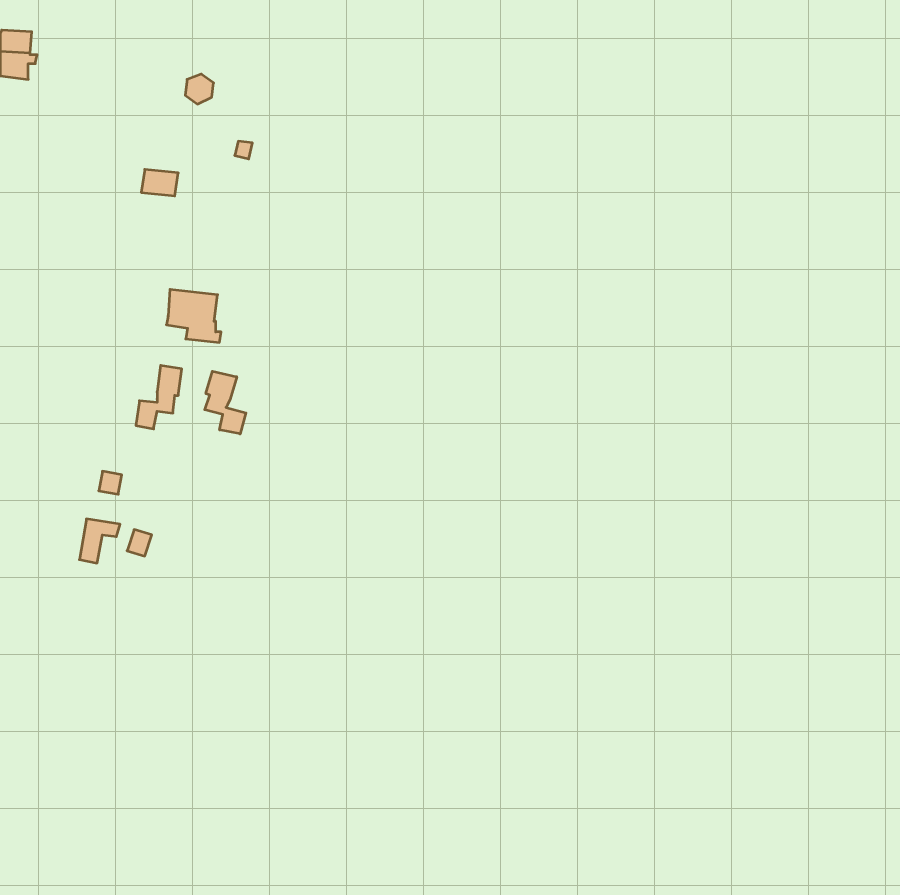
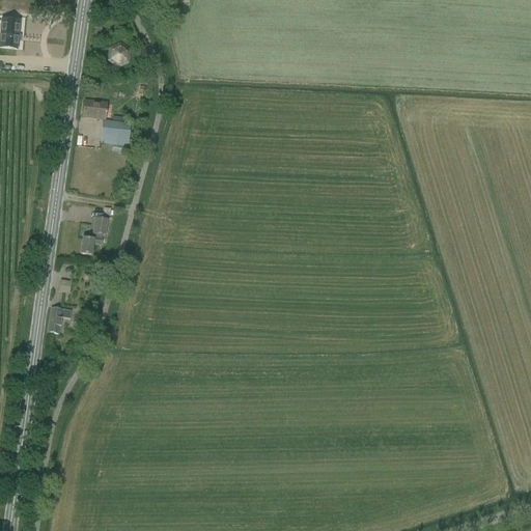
building: [166,289,221,342] -> [101,118,133,149]
building: [205,371,246,434] -> none

